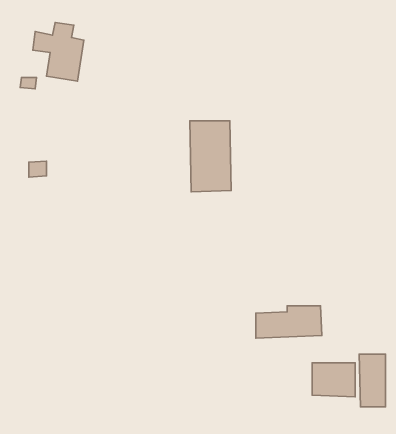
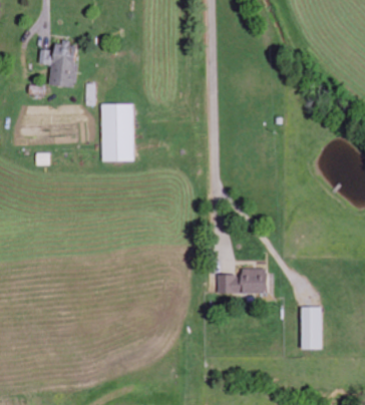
building: [190,121,231,192] -> [100,104,133,161]
building: [312,363,355,397] -> none

